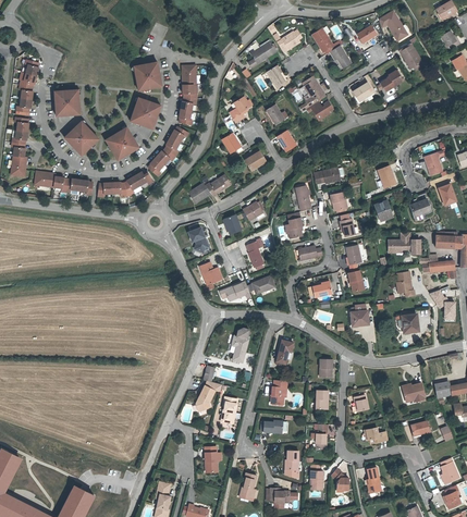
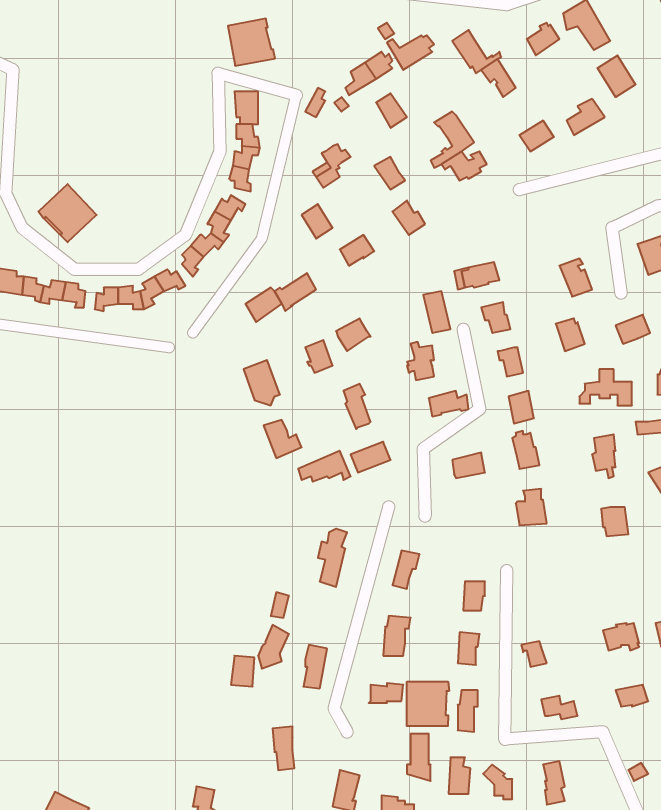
building: [134,62,162,90] -> [228,19,275,66]
building: [54,89,79,115] -> none
building: [130,97,161,128] -> none
building: [106,126,139,160] -> none
building: none -> [407,682,449,726]

